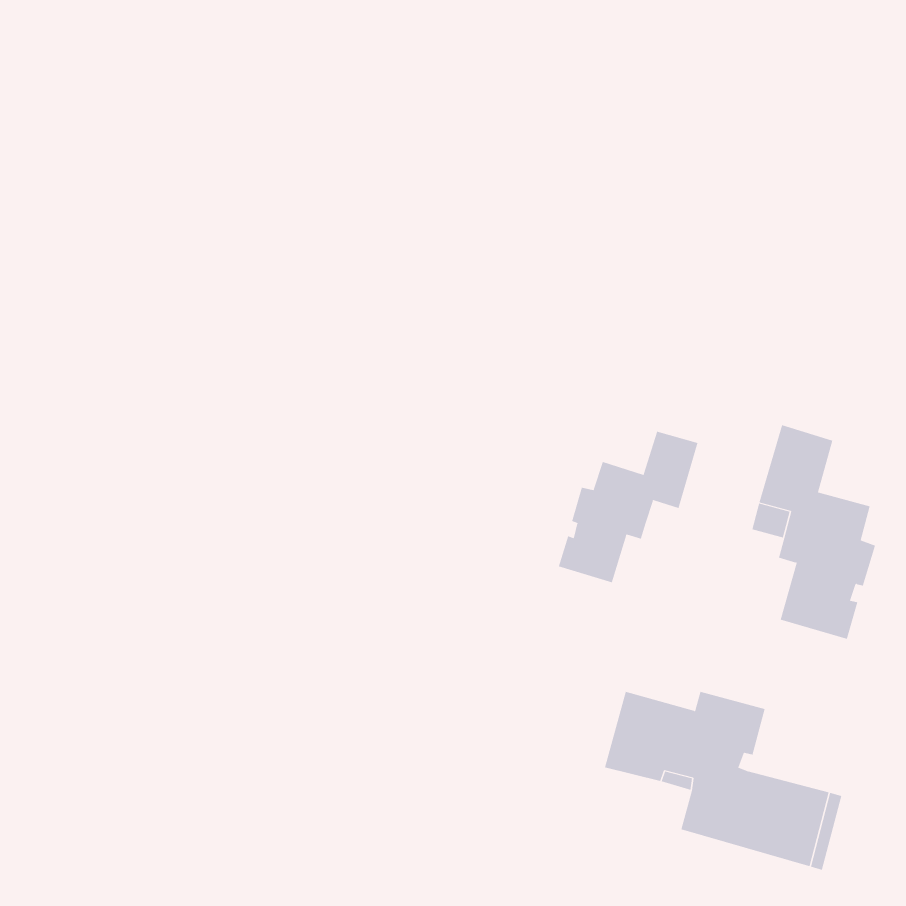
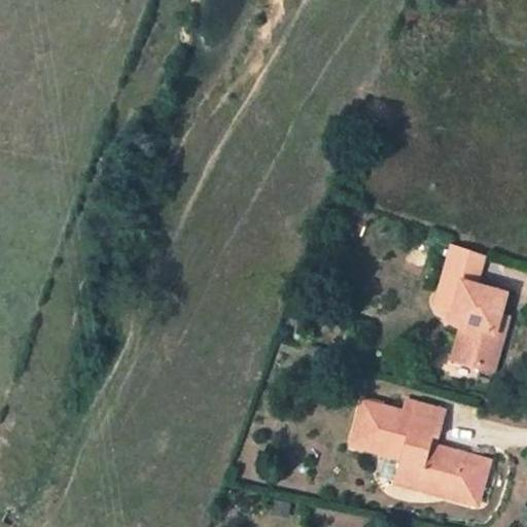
building: [558,431,698,583] -> none

